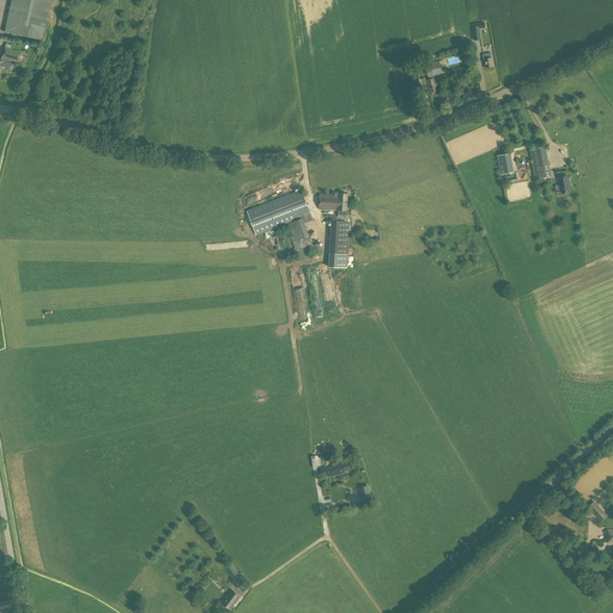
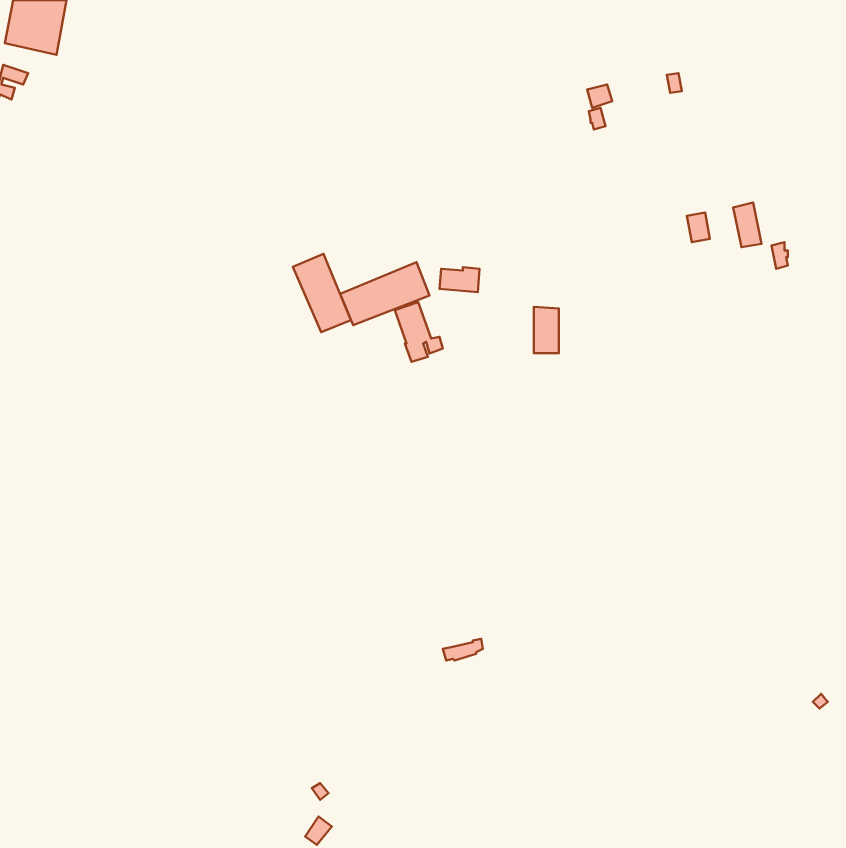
building: none -> [293,254,351,332]
building: [328,220,346,254] -> [534,307,559,353]

